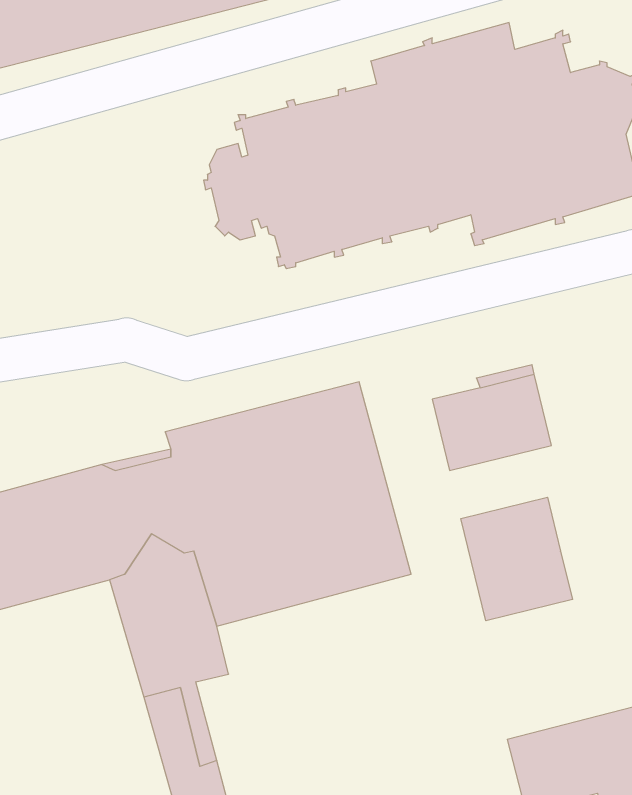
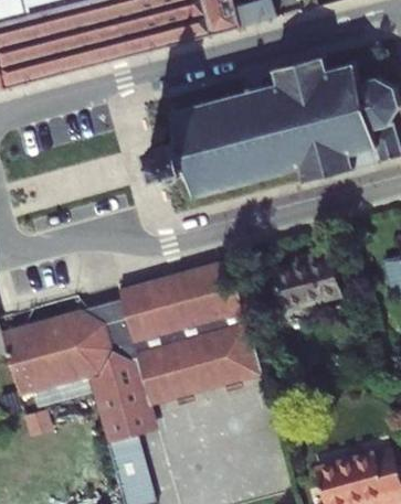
building: [461,497,573,621] -> none

